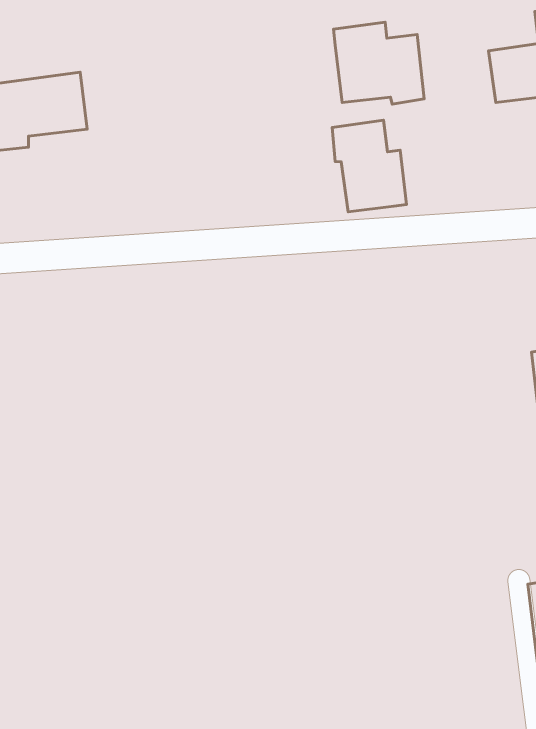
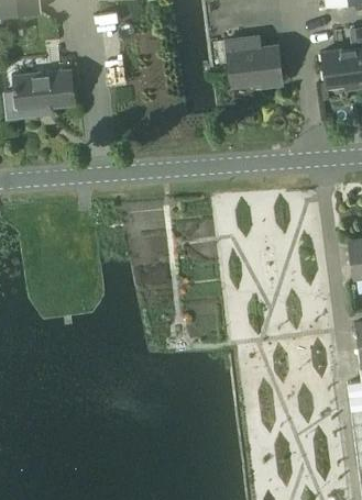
building: [332,120,407,212] -> none

